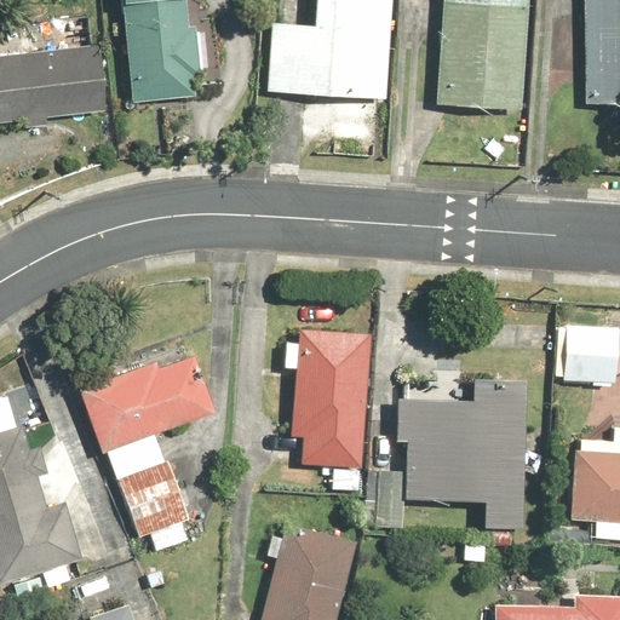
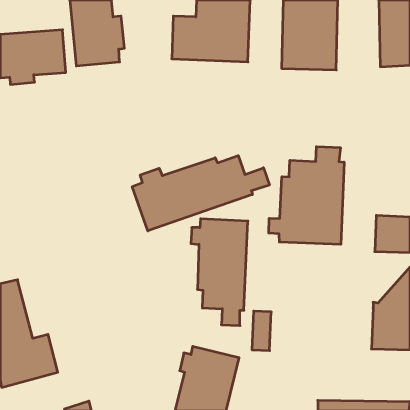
building: none -> [269,147,344,244]
building: none -> [132,156,269,231]
building: [84,349,222,538] -> none
building: [402,378,533,528] -> none

